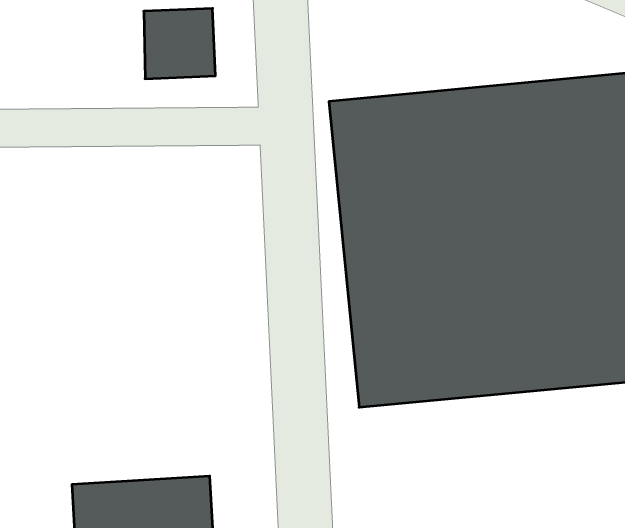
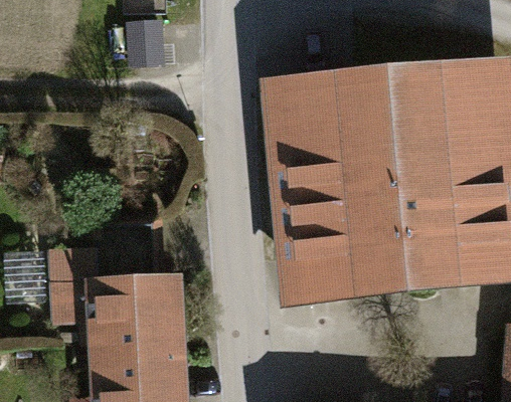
building: none -> [50,249,184,348]

